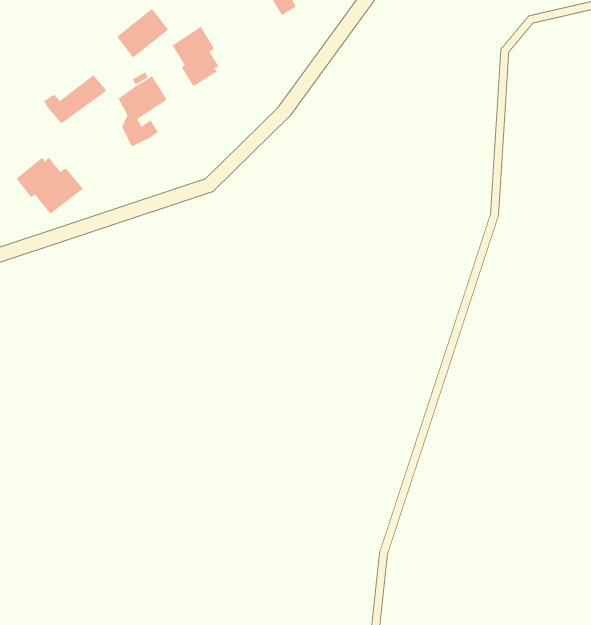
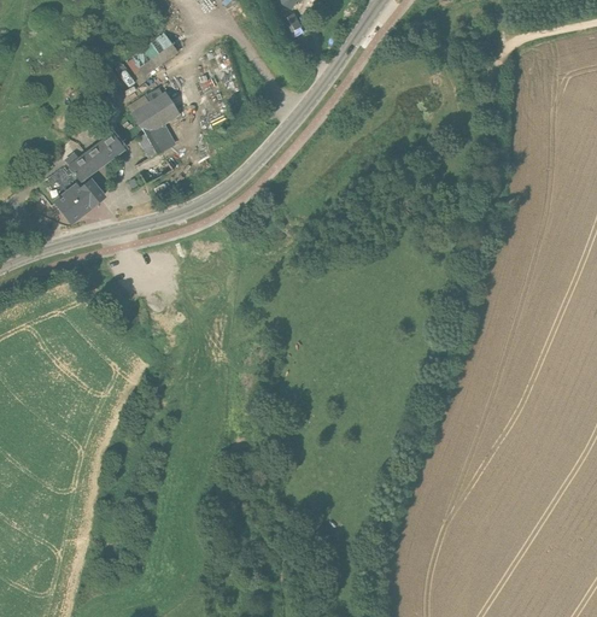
building: [172,26,220,87] -> none
building: [43,74,108,125] -> [64,133,124,180]

